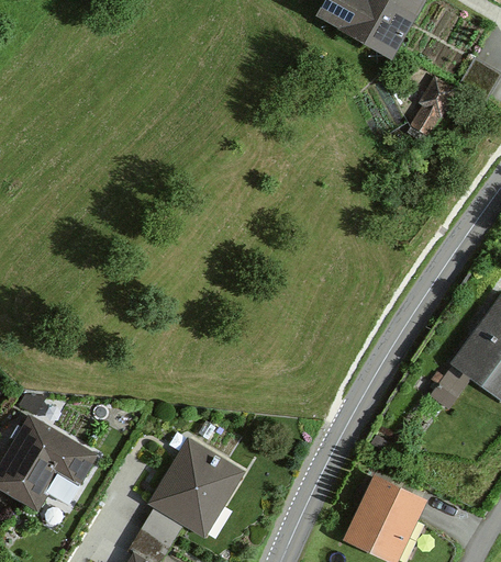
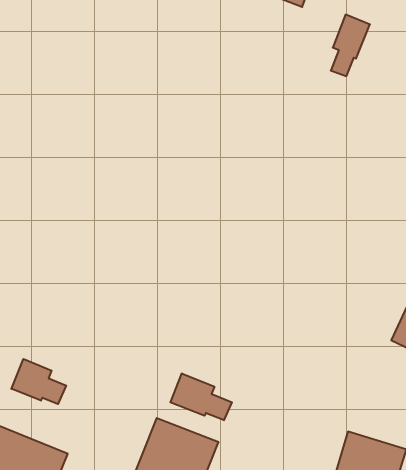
building: none -> [11,359,66,404]
building: none -> [170,373,232,420]

